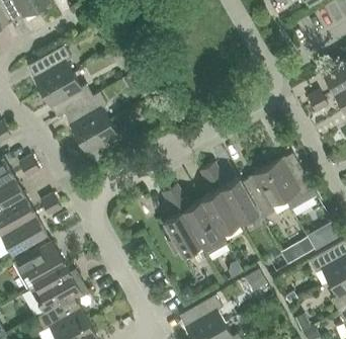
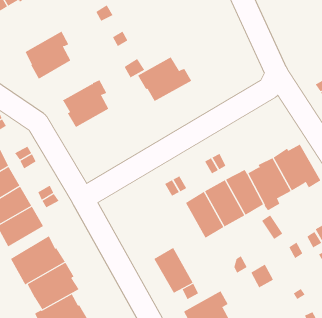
building: [41,75,93,118] -> none
building: [77,121,129,165] -> [137,57,192,102]
building: [163,211,201,256] -> [153,247,194,294]

